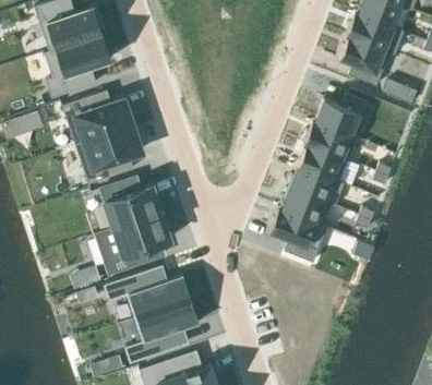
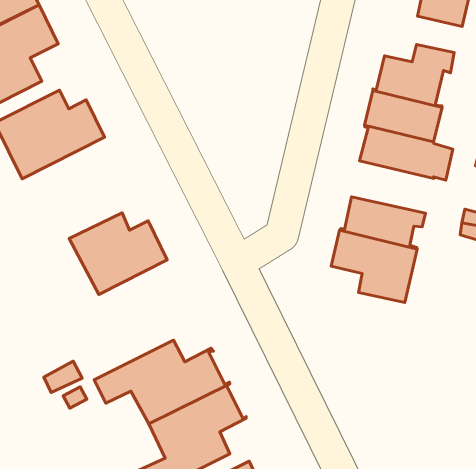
building: [75,125,142,184] -> none
building: [289,165,345,205] -> none
building: [96,212,171,274] -> none

